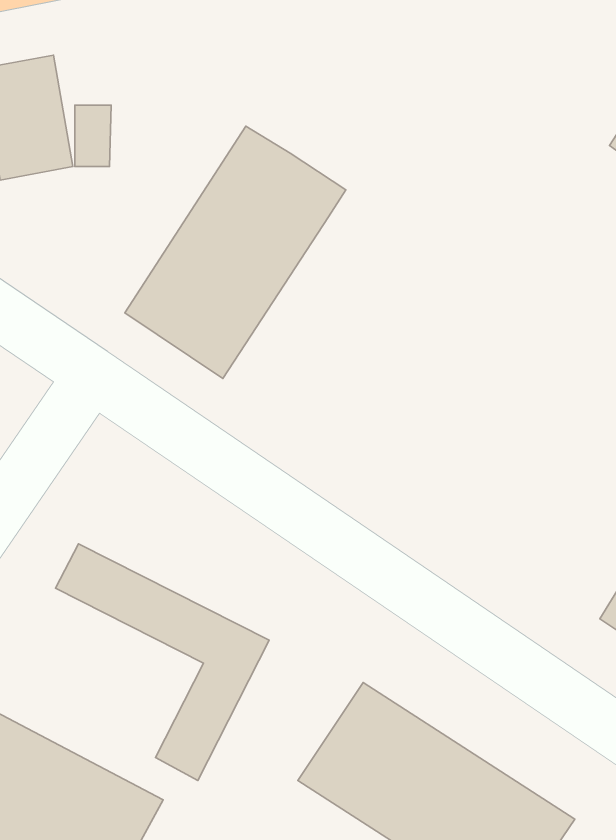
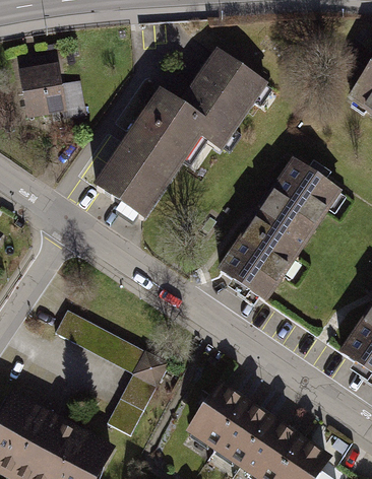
building: none -> [179,48,269,152]
building: none -> [216,157,342,301]

